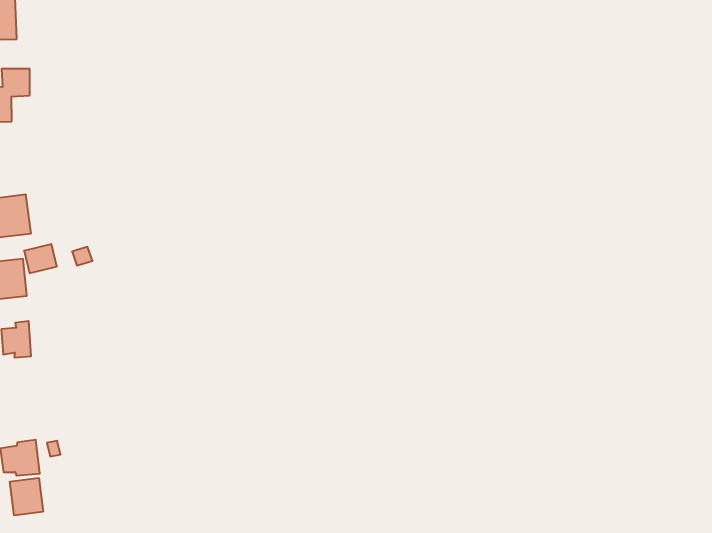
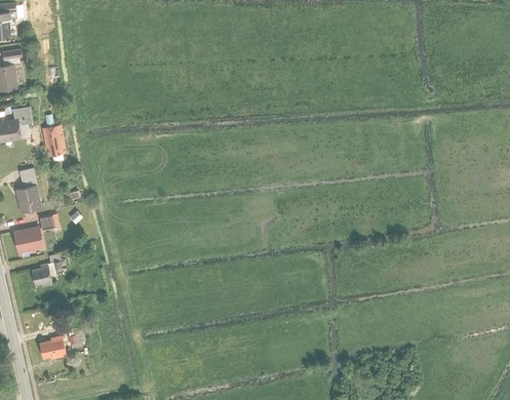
building: none -> [40,125,66,157]
building: [10,478,43,515] -> none

